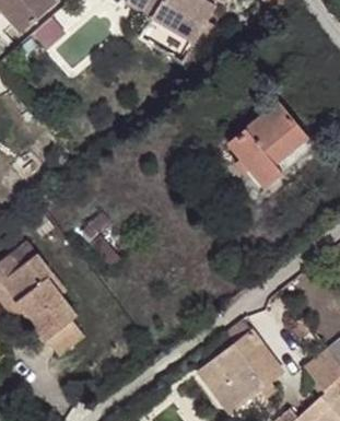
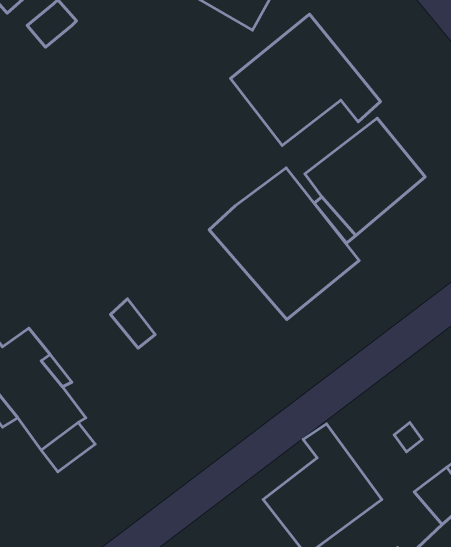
building: none -> [231,14,380,145]
building: none -> [209,168,359,320]

